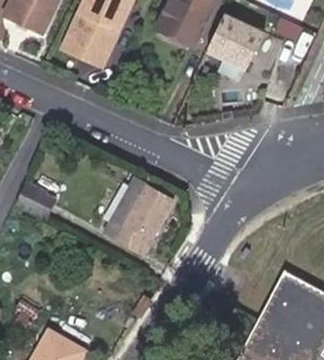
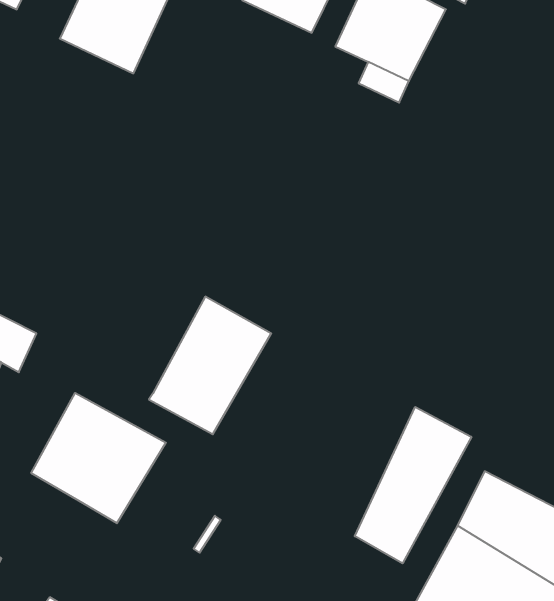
building: none -> [31,393,166,523]
building: none -> [355,407,471,563]

